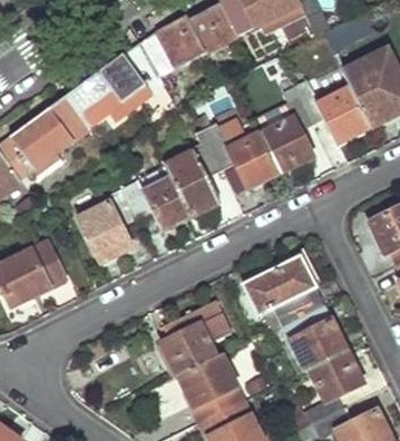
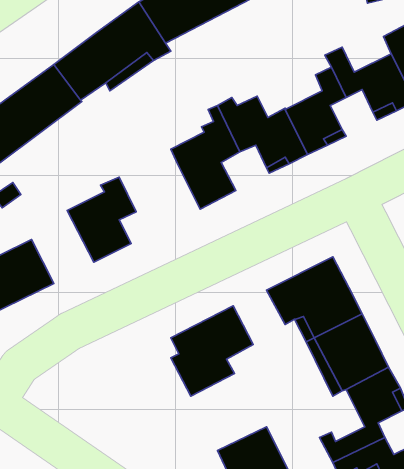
building: [121,178,189,229] -> none
building: [182,353,245,419] -> none

